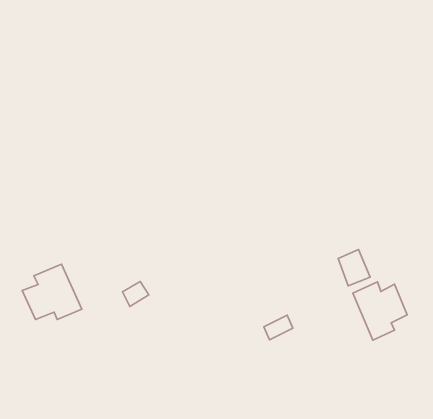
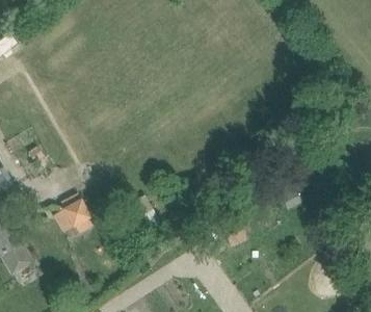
building: [353,282,407,340] -> none

